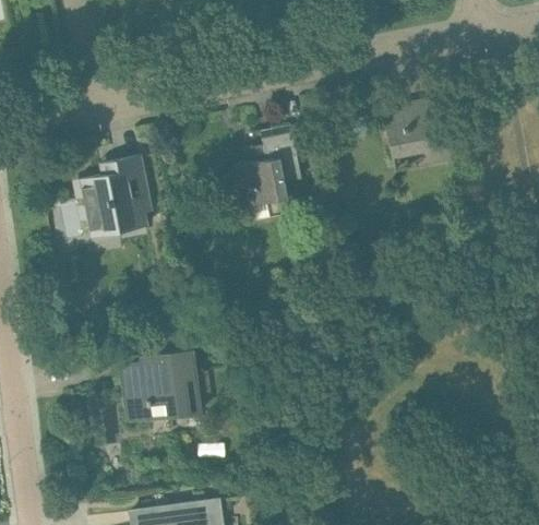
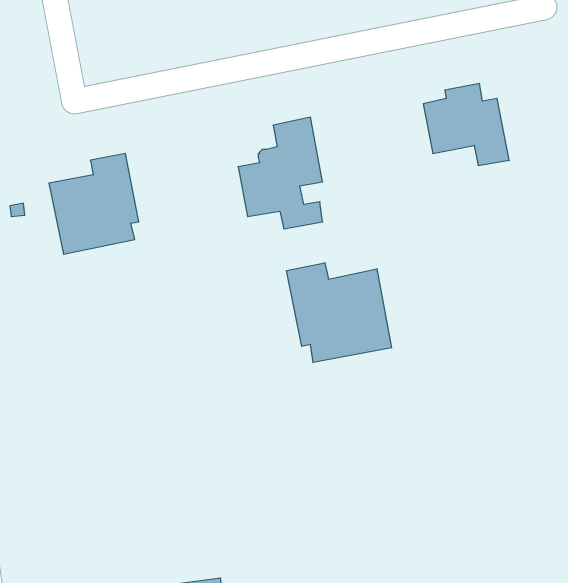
building: none -> [287,263,392,363]
building: [121,348,201,422] -> none

